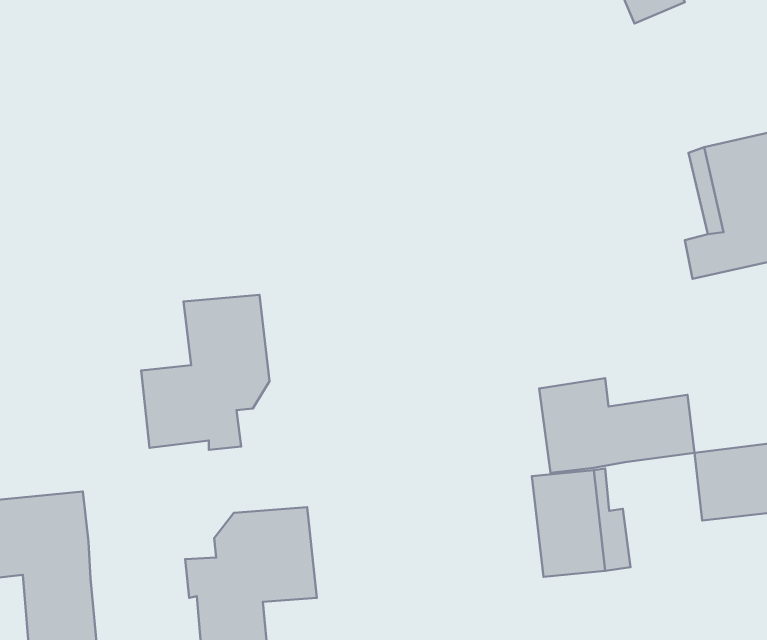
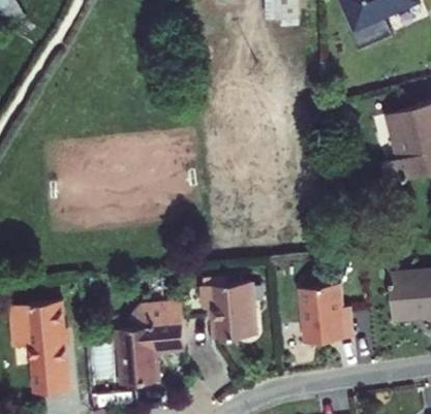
building: [141,295,269,450] -> none
building: [539,378,694,473] -> none
building: none -> [201,283,256,340]

